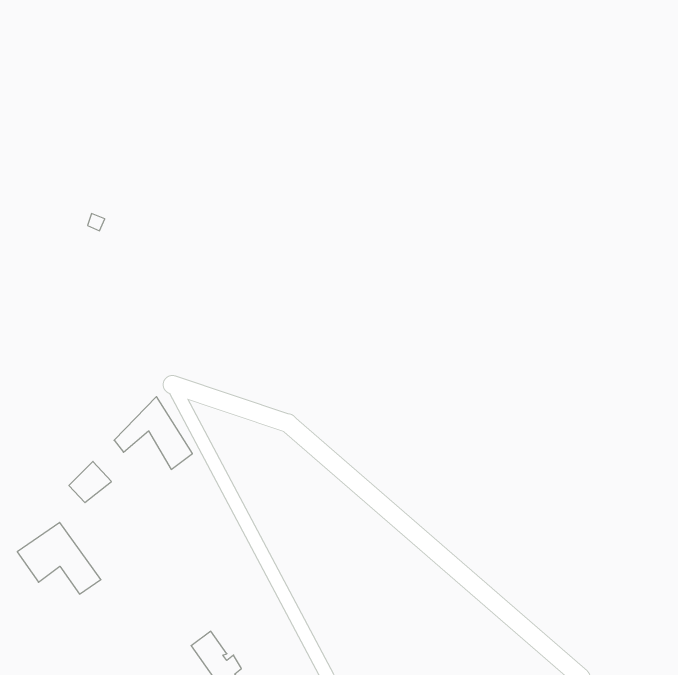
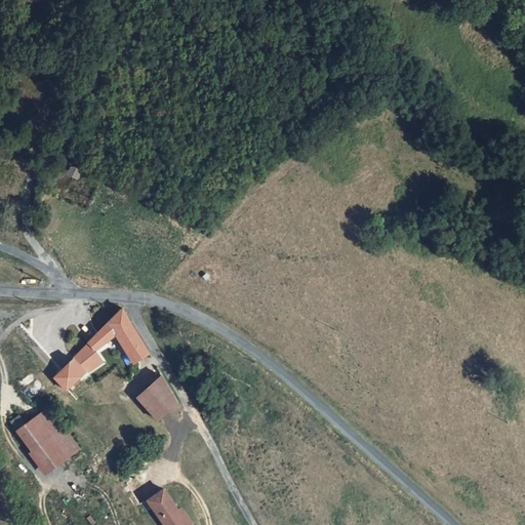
building: none -> [72,342,102,374]
building: none -> [137,380,179,420]
building: none -> [30,440,62,473]

